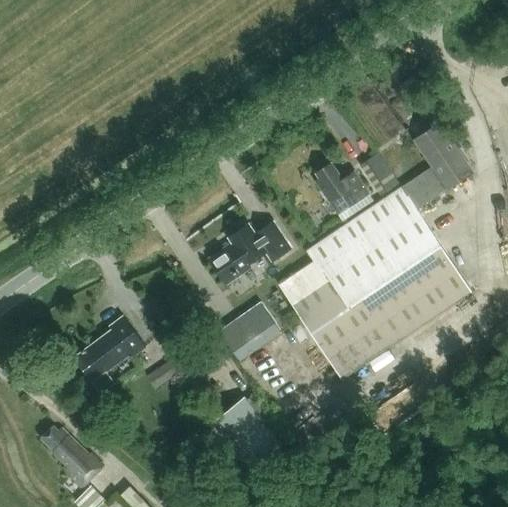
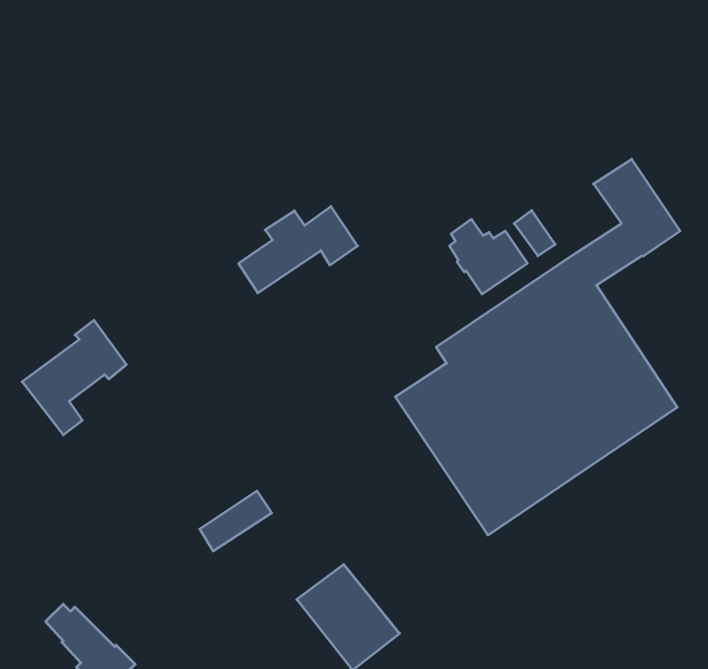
building: [210,222,291,281] -> [239,206,358,293]
building: [220,302,281,359] -> none
building: [74,317,145,395] -> [22,320,126,435]

